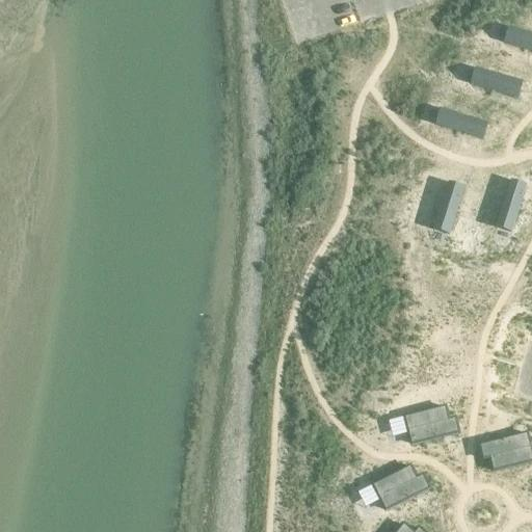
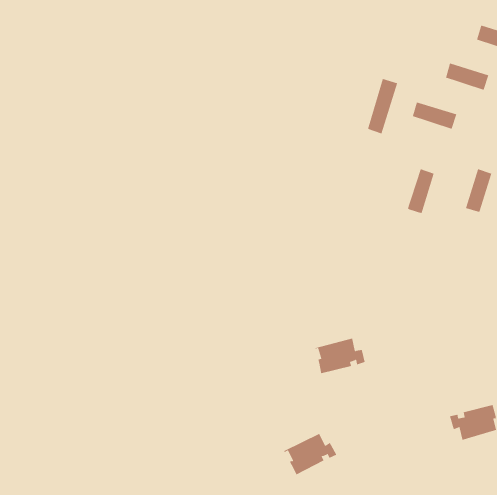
building: none -> [366,78,398,140]
building: [405,405,459,444] -> [315,338,365,374]
building: [373,464,430,509] -> [283,433,337,475]

